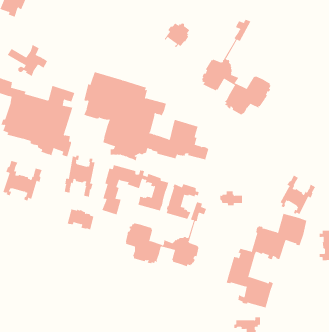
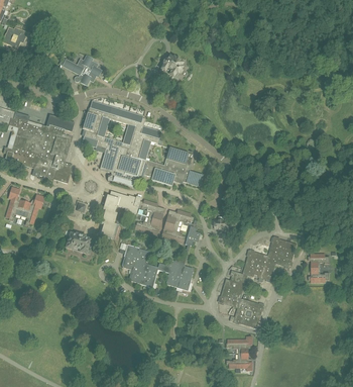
building: [201,19,272,116] -> none
building: [7,44,48,77] -> [62,54,101,85]
building: [64,155,95,197] -> none
building: [280,175,316,215] -> none

